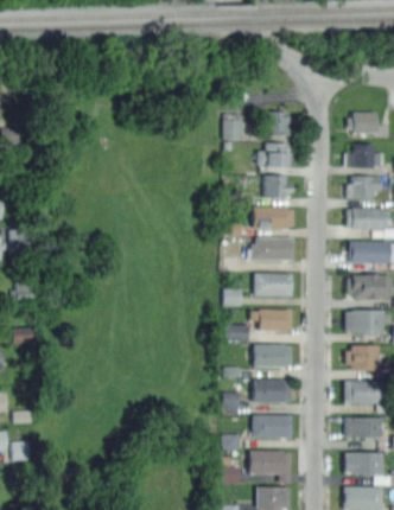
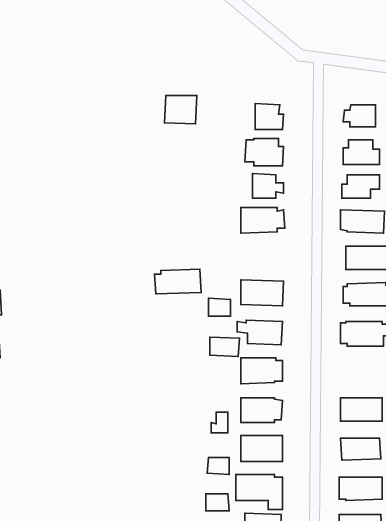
building: [223,115,253,141] -> [164,95,197,124]
building: [249,238,292,261] -> [154,269,201,294]
building: [344,345,379,370] -> none

